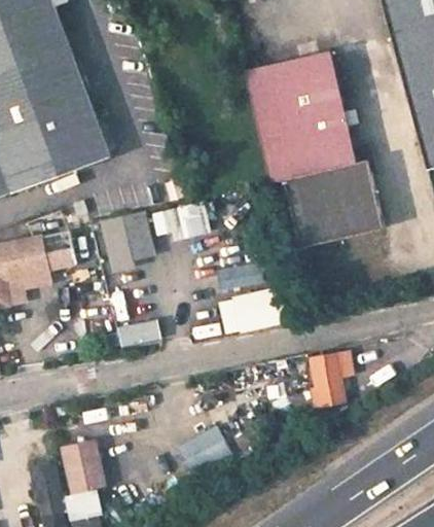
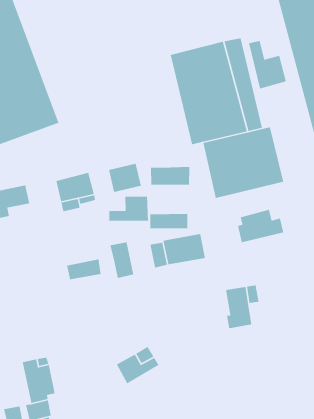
building: none -> [248,40,287,90]
building: none -> [150,166,190,186]
building: none -> [108,196,149,222]
building: none -> [237,209,284,243]
building: none -> [110,241,134,279]

